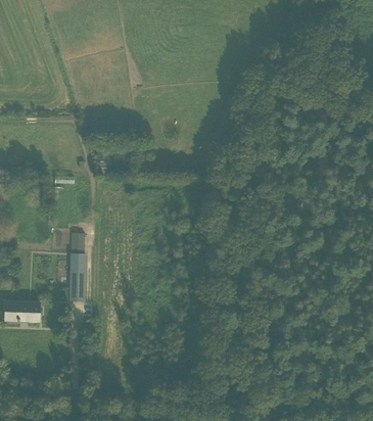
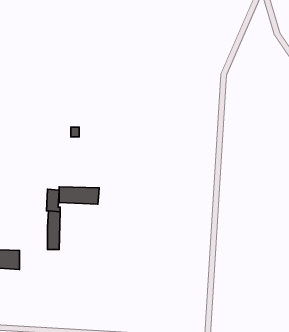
building: none -> [59,187,99,204]

